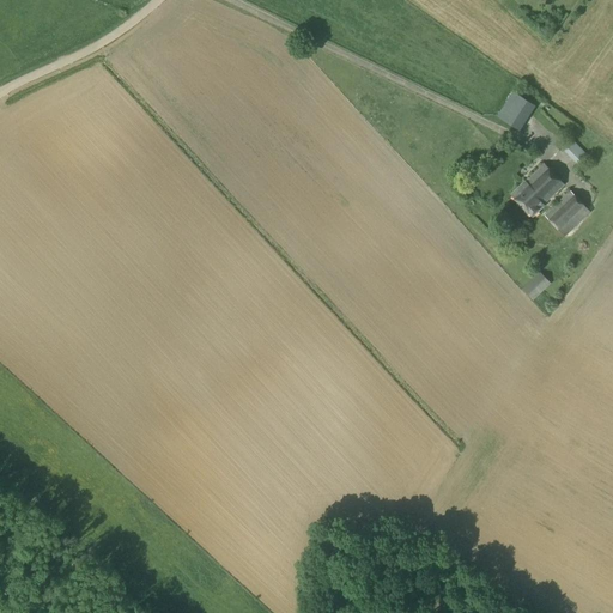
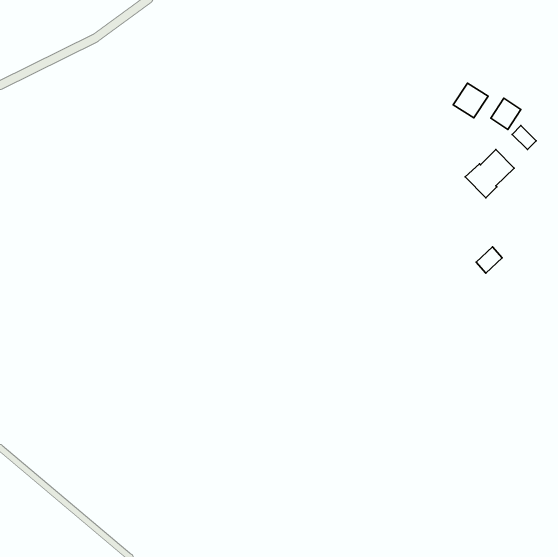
building: none -> [491,98,521,129]
building: [544,189,590,236] -> none

